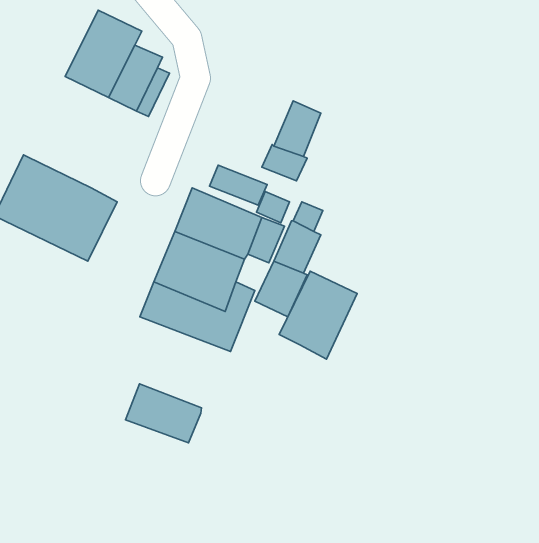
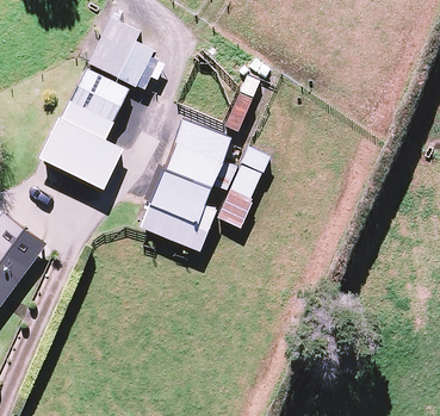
building: none -> [61,66,130,138]
building: [279,271,357,359] -> none
building: [126,384,202,443] -> none

